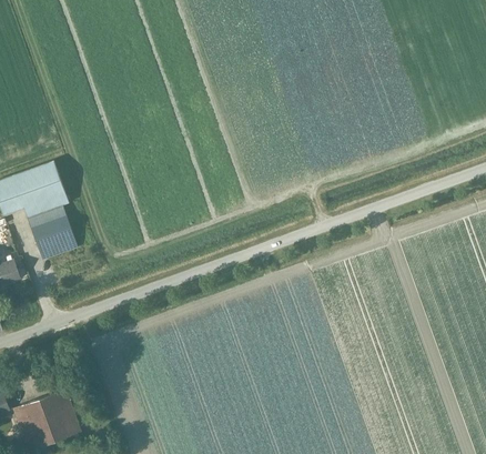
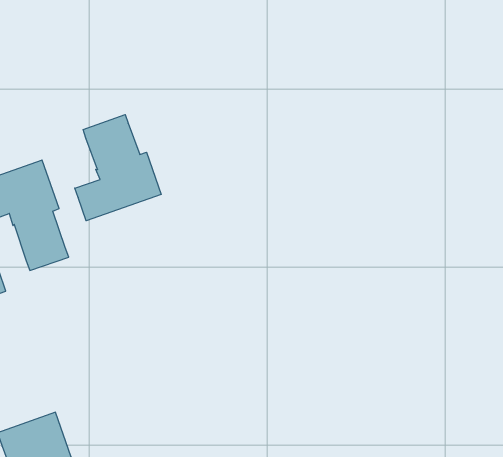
building: none -> [75,115,161,221]

